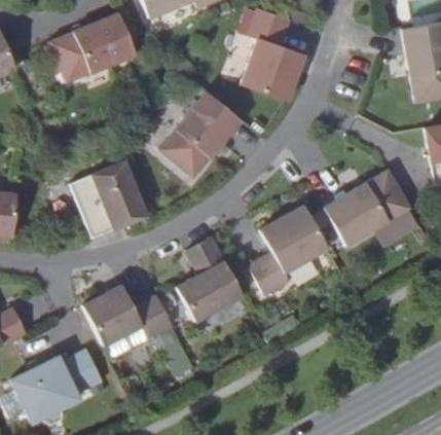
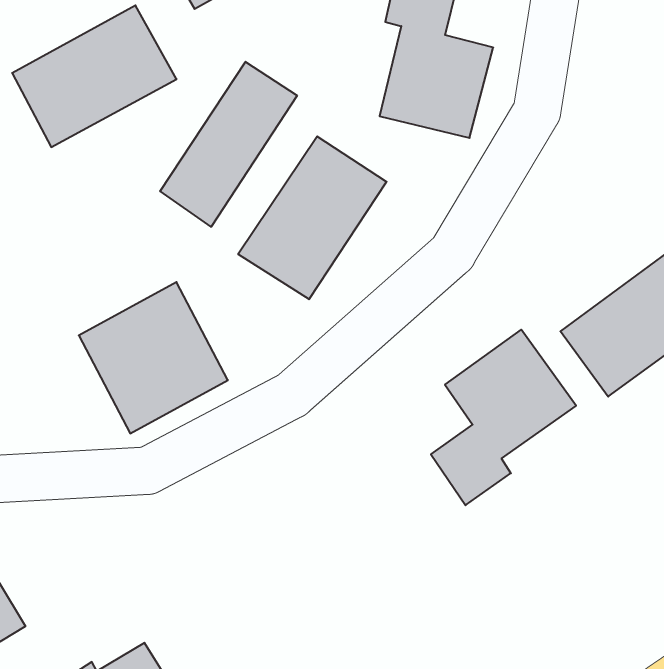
building: none -> [160,62,297,227]
building: [177,237,243,321] -> none
building: [82,285,173,345] -> none

